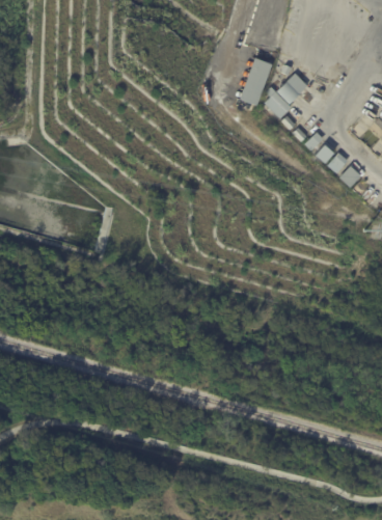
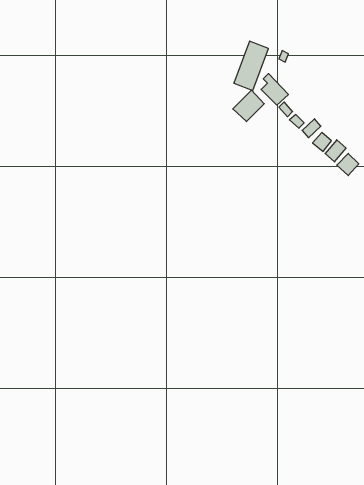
building: [277,74,308,105] -> [233,90,264,122]

